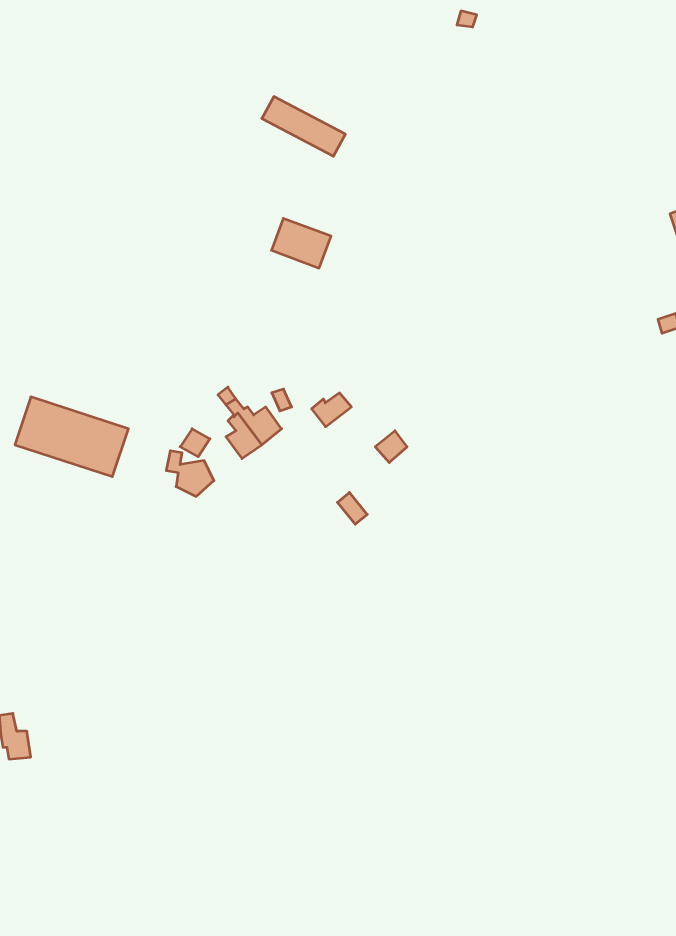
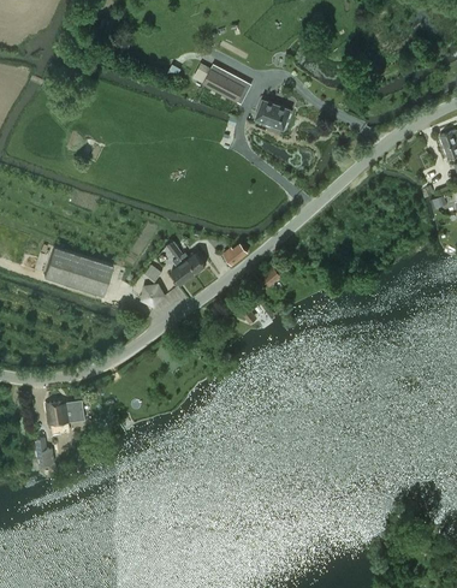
building: [271,218,331,268] -> [255,99,291,129]
building: none -> [46,400,72,435]

